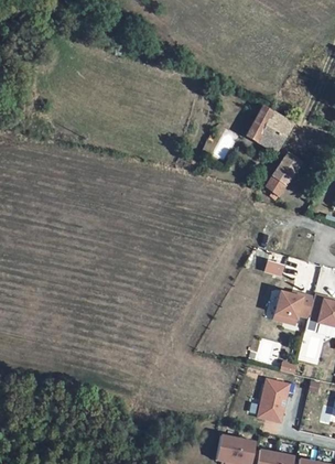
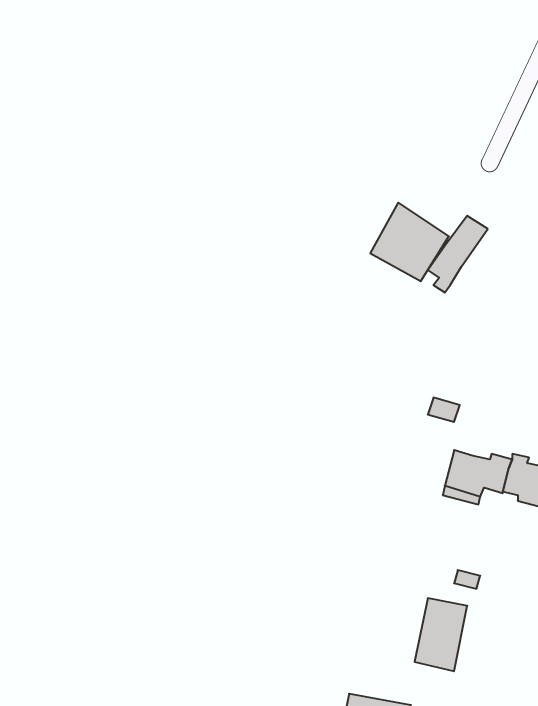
building: [247,104,293,150] -> [370,203,449,281]

